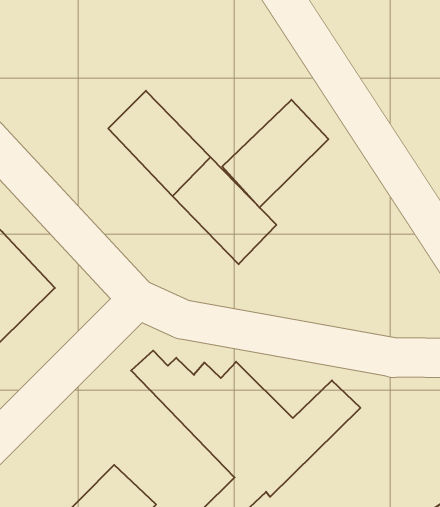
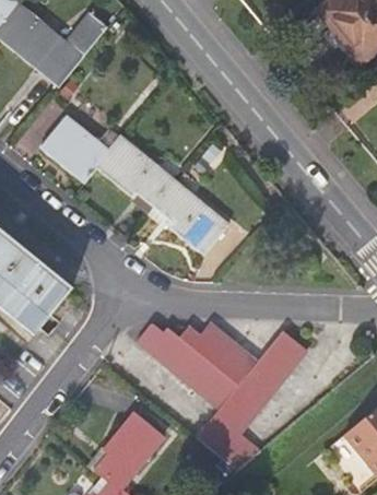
building: none -> [40,116,122,182]
building: [222,100,328,208] -> none

